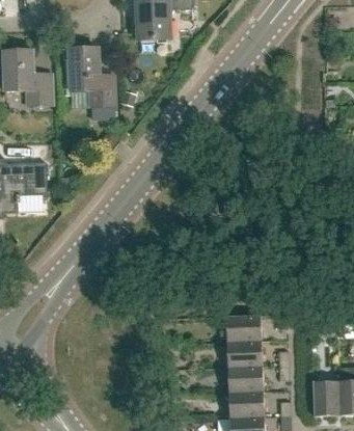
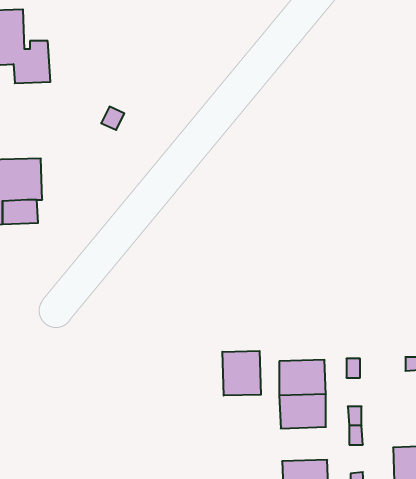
building: [69,47,115,106] -> none
building: none -> [222,351,261,396]
building: [227,366,263,392] -> none

